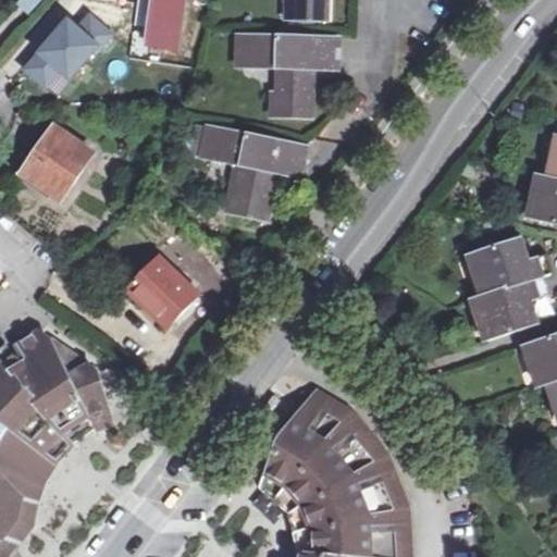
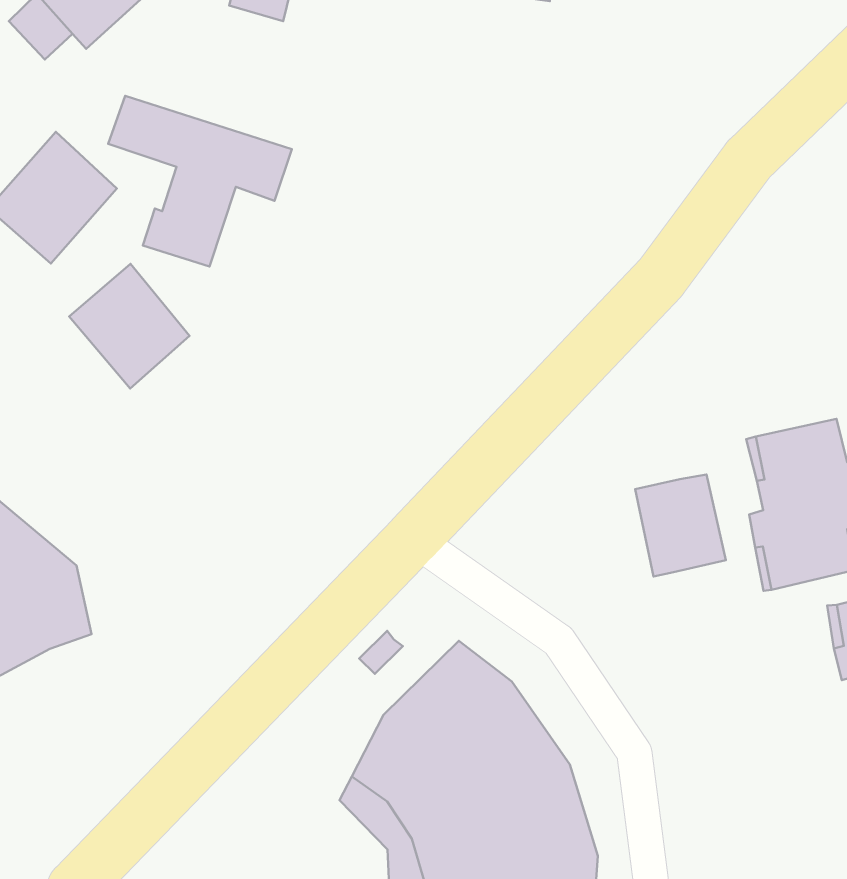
building: [238,35,338,115] -> none
building: [201,126,306,218] -> [108,96,292,266]
building: [128,257,198,327] -> [69,264,190,388]
building: none -> [635,475,726,576]

